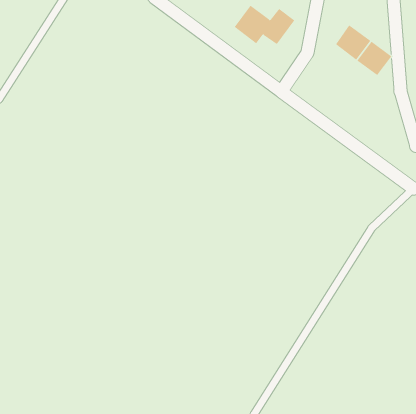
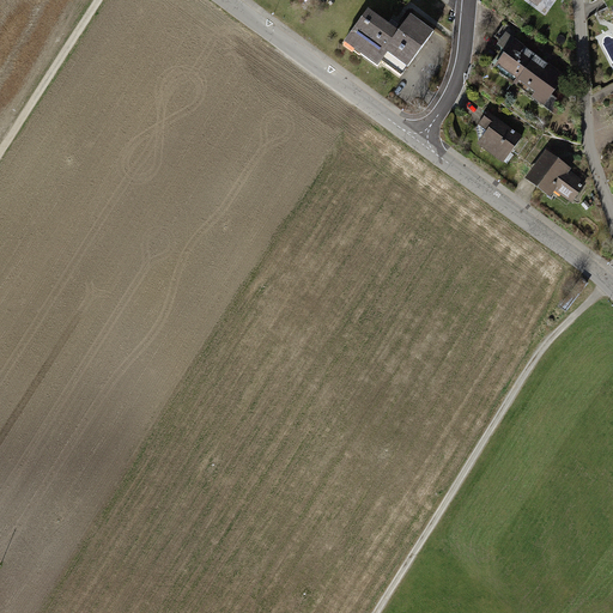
building: none -> [477,110,521,160]
building: none -> [524,147,583,200]

